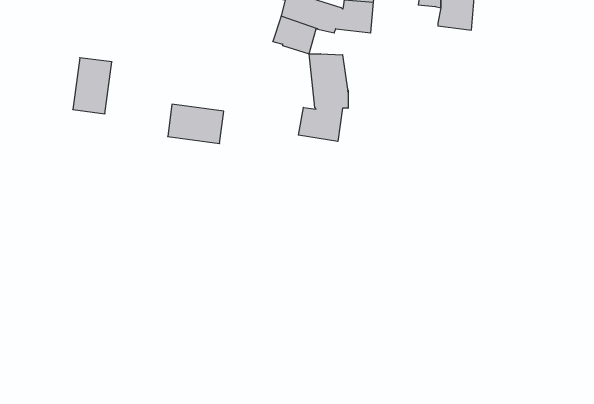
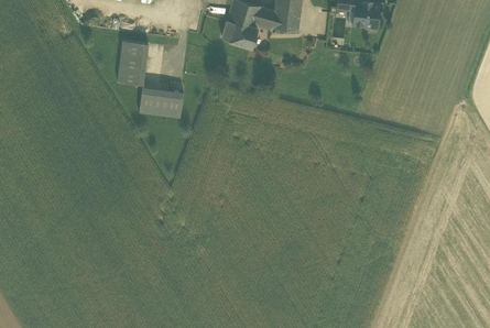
building: [298,54,348,141] -> none
building: [73,58,112,114] -> [117,40,148,84]

